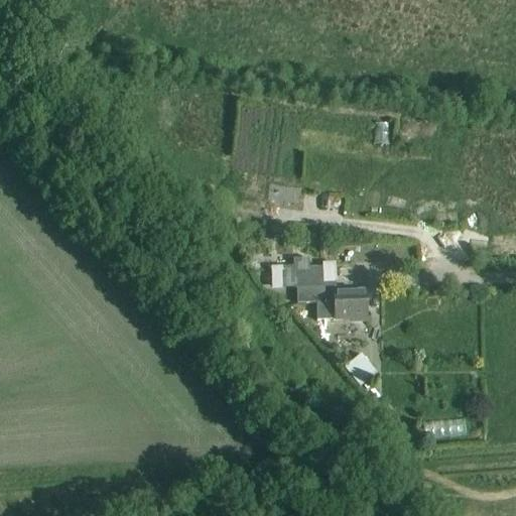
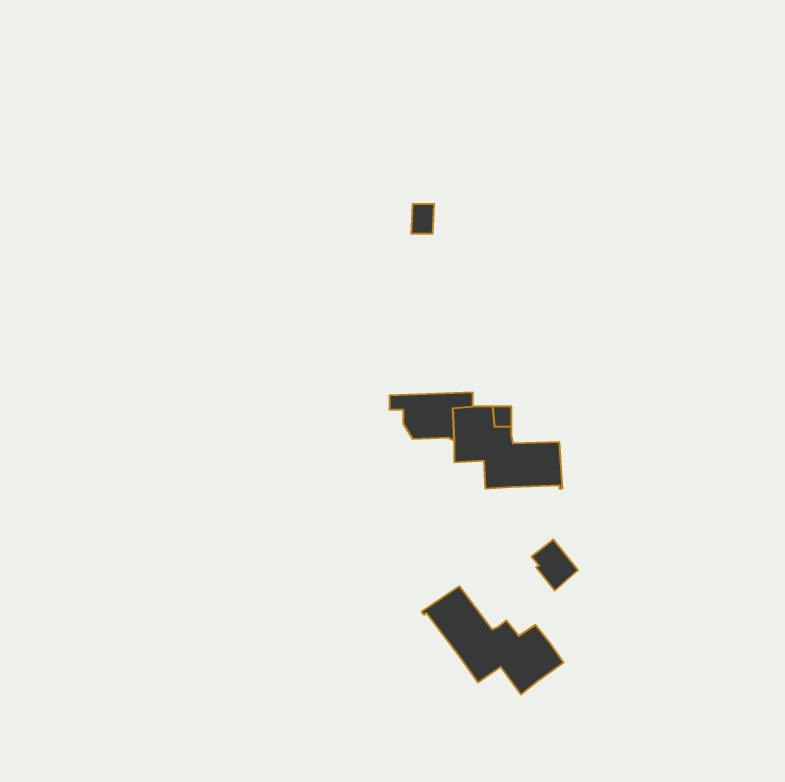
building: none -> [422,586,564,694]

